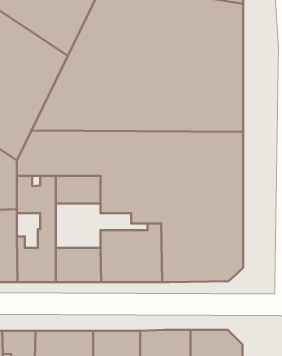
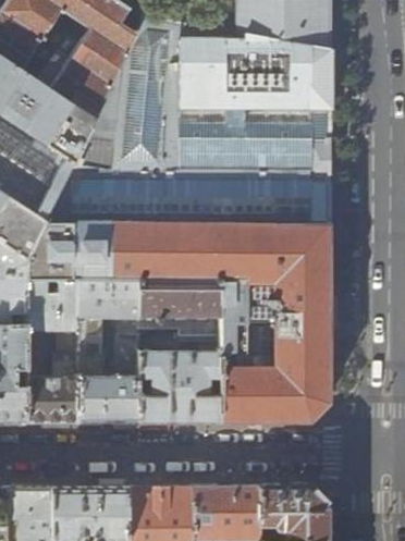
building: none -> [78,319,102,379]
building: none -> [115,319,138,379]

